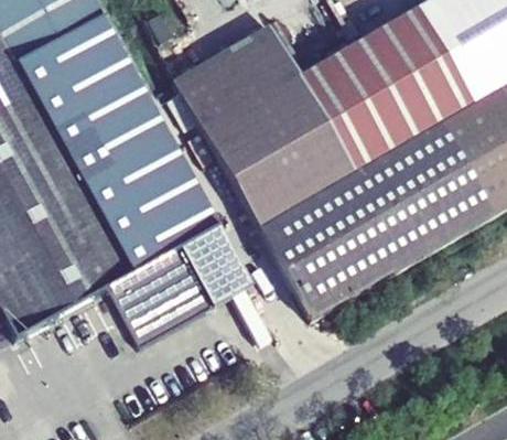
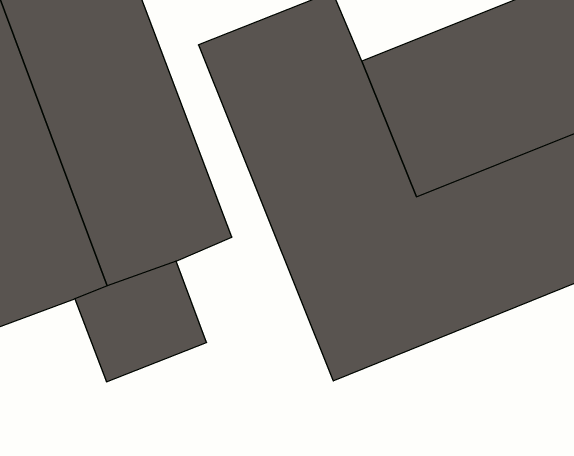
building: [179,221,254,305] -> none

